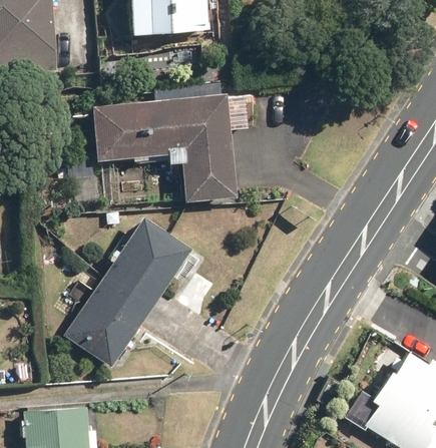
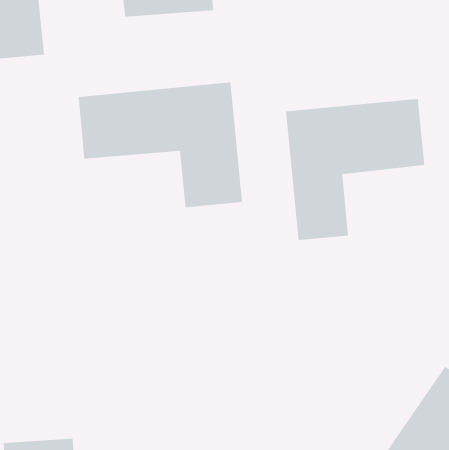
building: none -> [286,98,425,241]
building: [61,214,191,366] -> none

